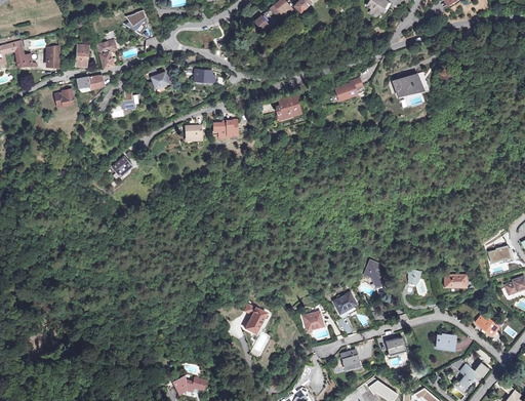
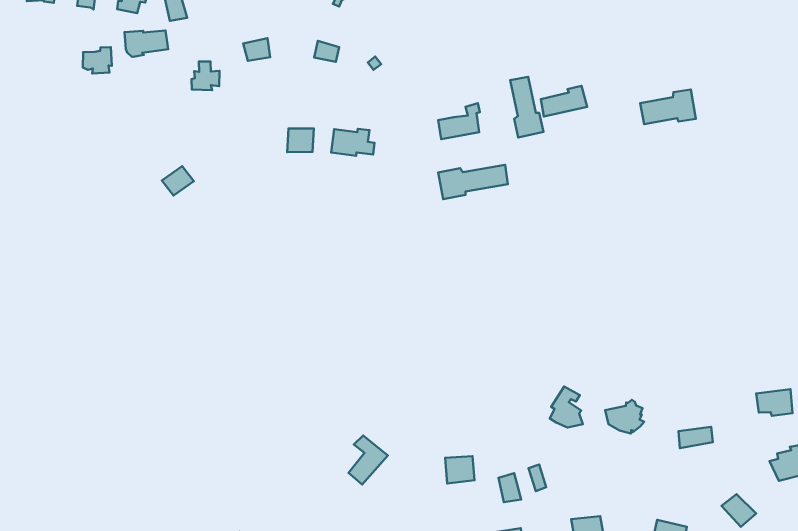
building: none -> [510,77,543,138]
building: none -> [438,165,508,199]
building: [334,291,362,318] -> none

